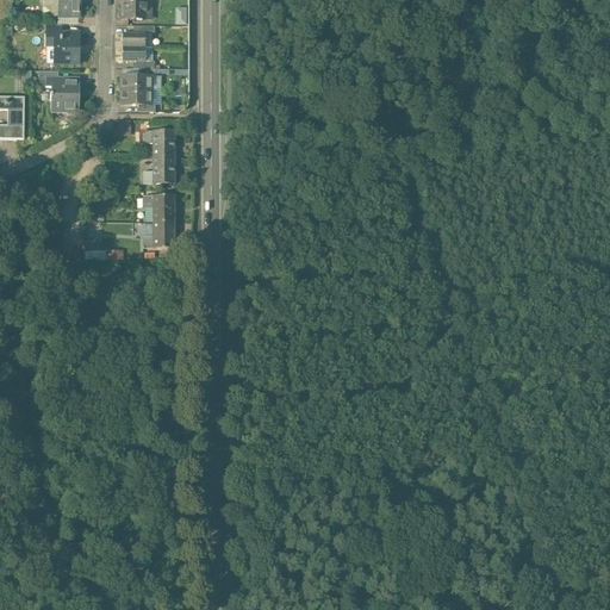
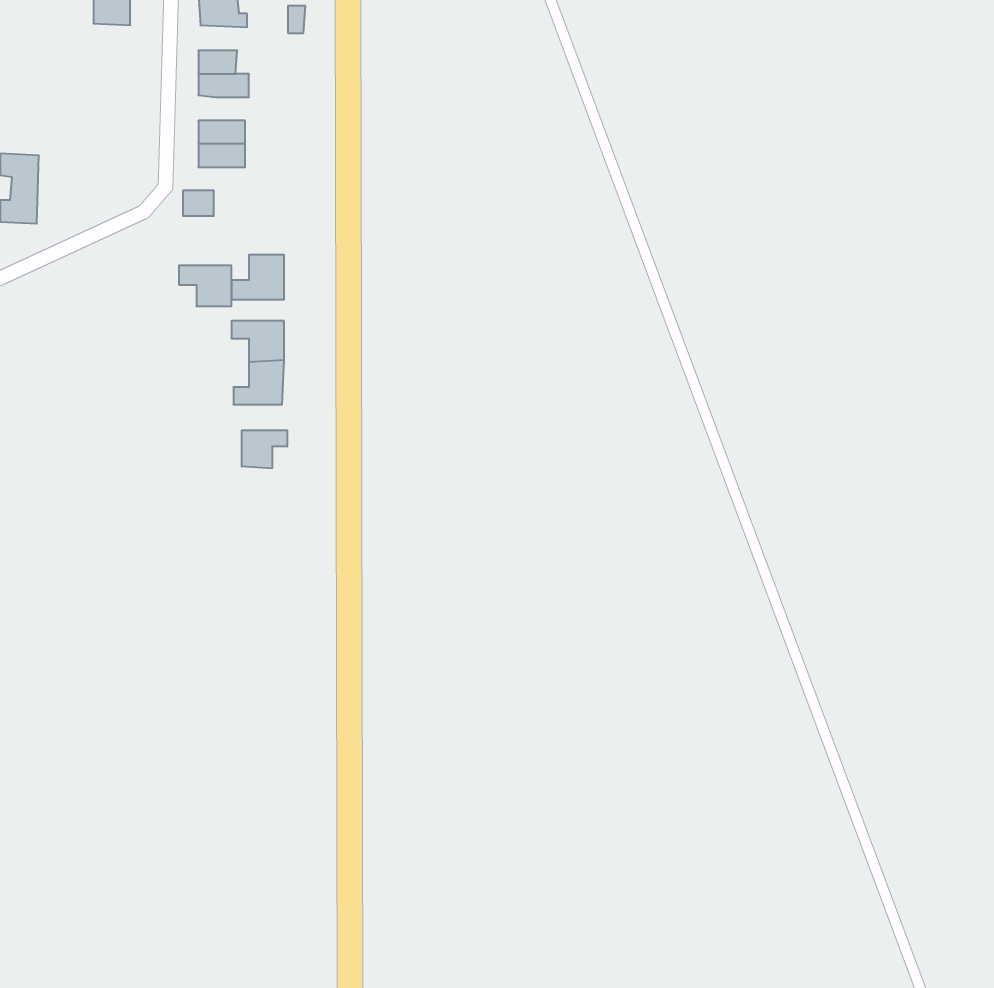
building: [45,31,79,61] -> none
building: [50,85,79,110] -> none
building: [142,131,174,156] -> [179,265,231,306]
building: none -> [242,430,287,468]

